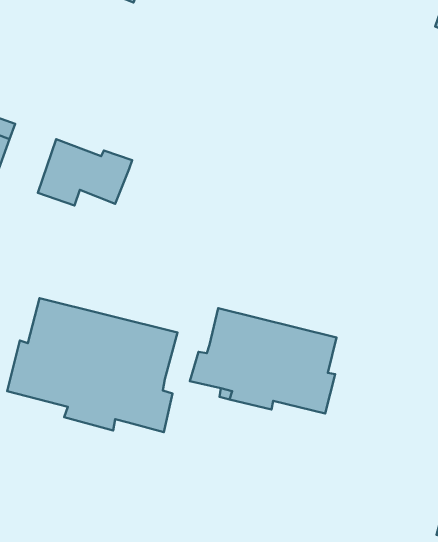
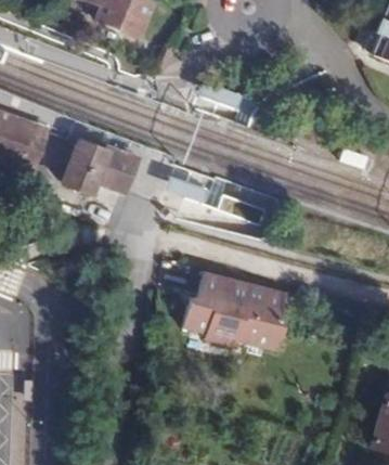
building: [7,298,177,432] -> none

